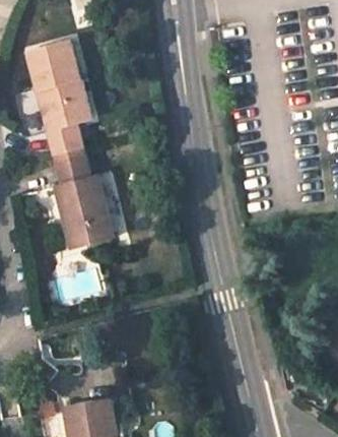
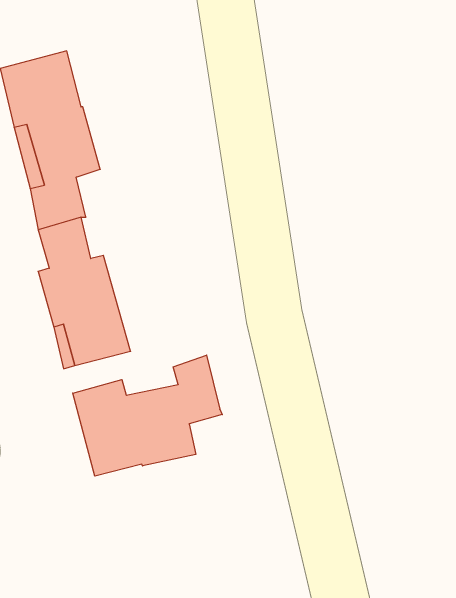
building: none -> [73,355,222,476]

